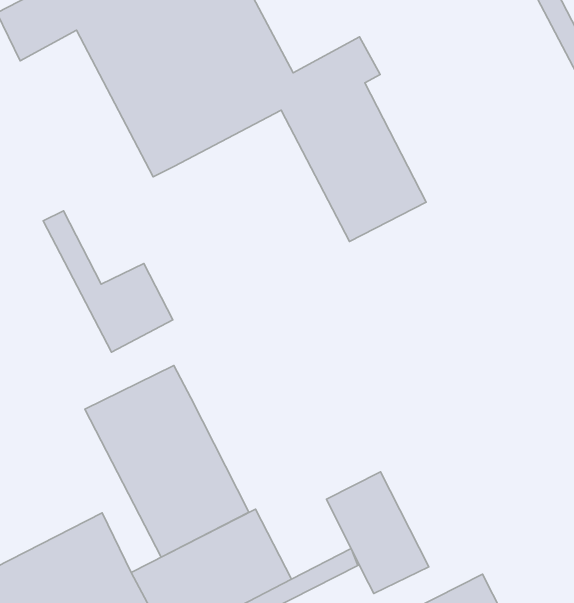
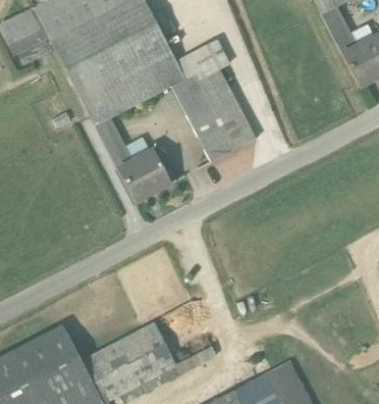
building: [43,211,173,352] -> [94,118,171,203]
building: [85,366,249,557] -> none
building: [326,472,429,593] -> none

